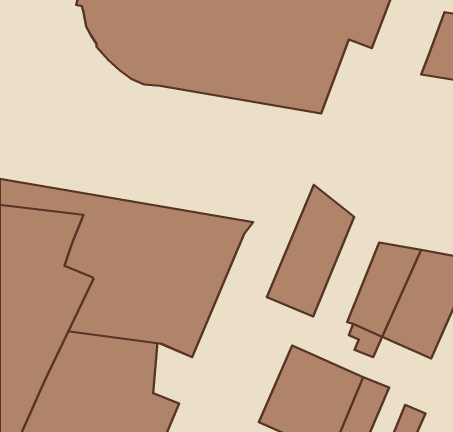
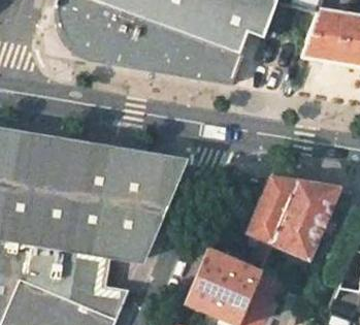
building: [267,185,354,316] -> none

